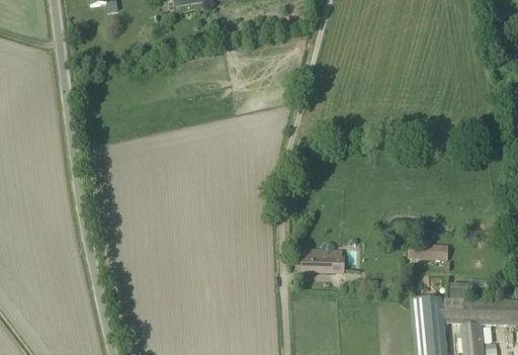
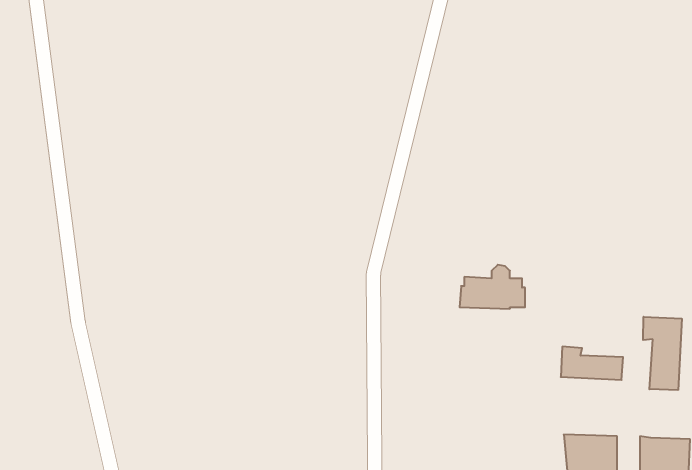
building: none -> [643,317,682,390]
building: [301,242,345,271] -> [460,265,525,309]

